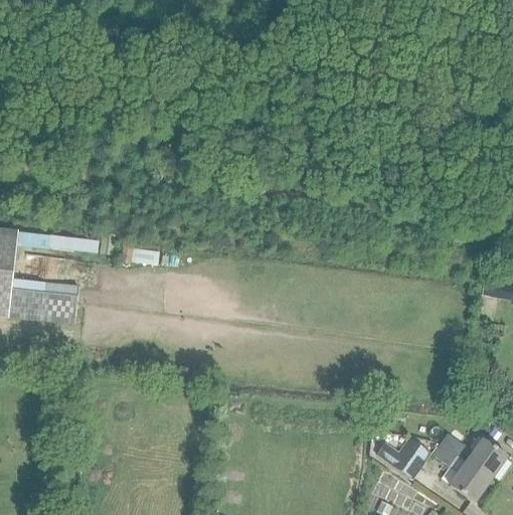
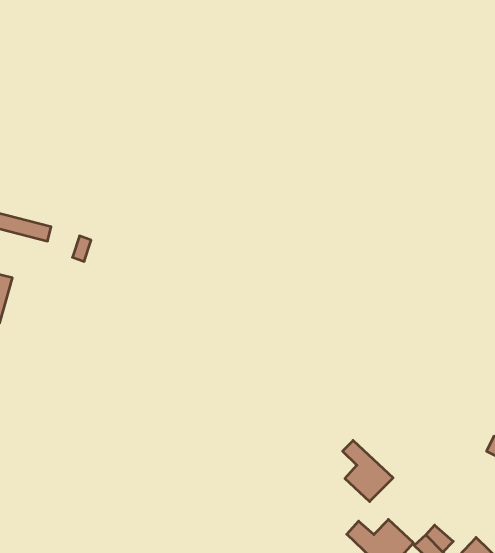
building: none -> [343,440,393,502]

